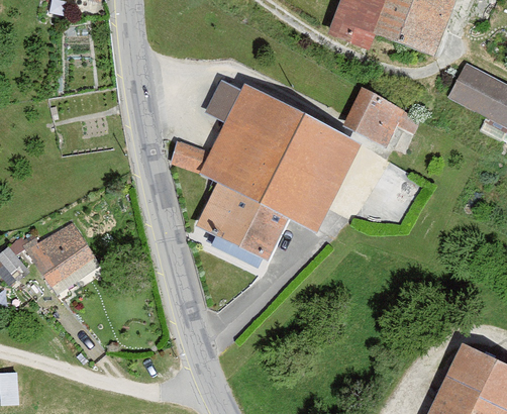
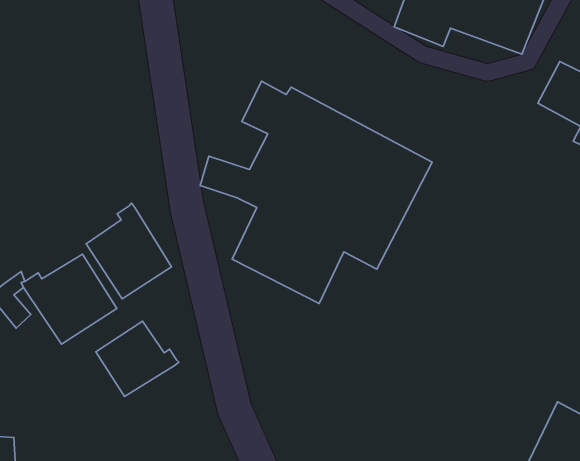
building: [344,87,420,146] -> none
building: none -> [86,203,172,299]
building: none -> [96,321,179,396]

